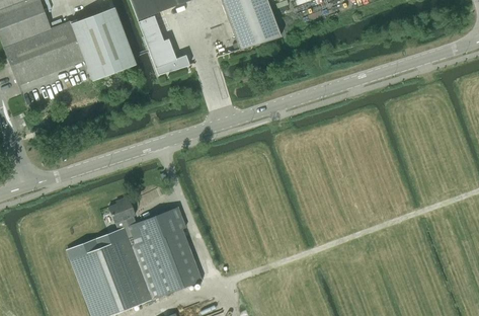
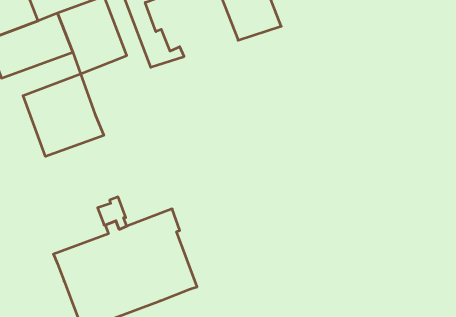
building: none -> [23,74,104,156]

